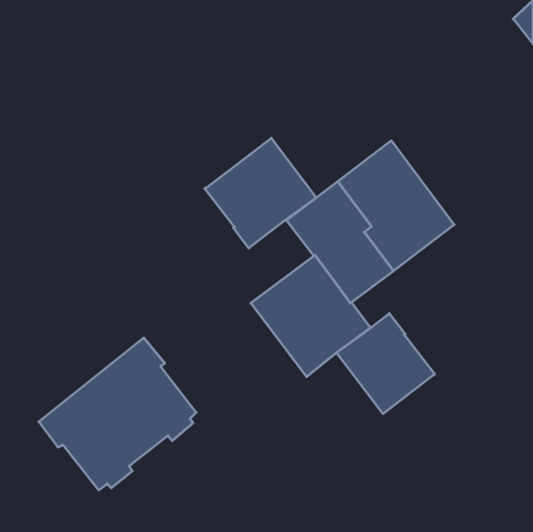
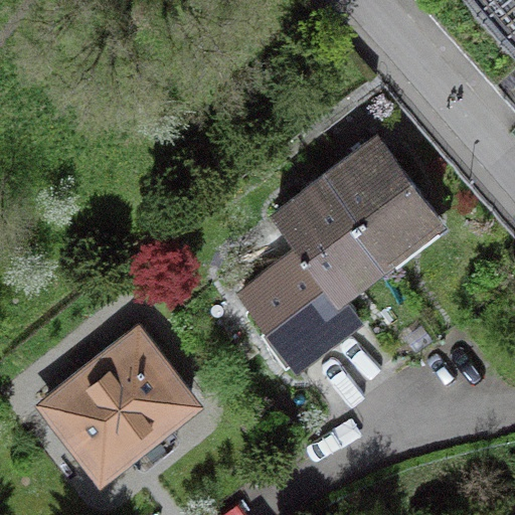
building: [205,138,316,248] -> none
building: [337,313,435,414] -> none

